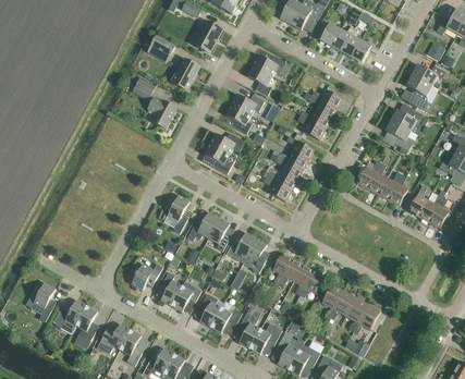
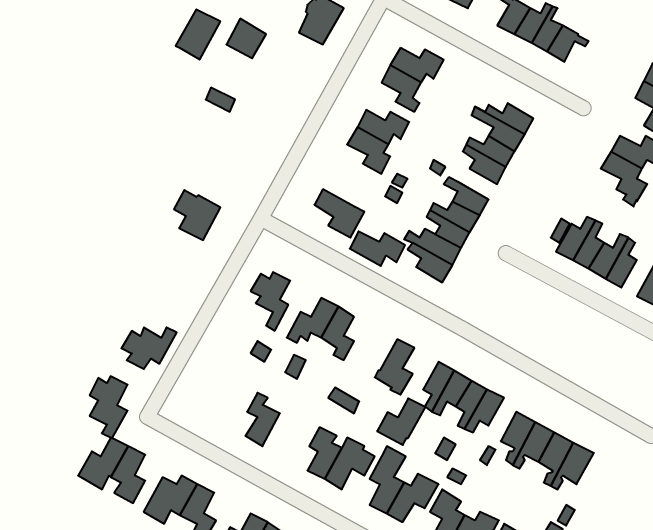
building: [171,59,199,90] -> [176,9,220,60]
building: [147,97,176,129] -> [174,190,220,240]
building: [209,133,244,155] -> [350,231,405,266]
building: [225,233,256,262] -> [377,398,425,445]
building: [127,264,162,290] -> [121,327,177,369]
building: [171,281,200,311] -> none
building: [30,283,54,322] -> [90,376,128,438]

